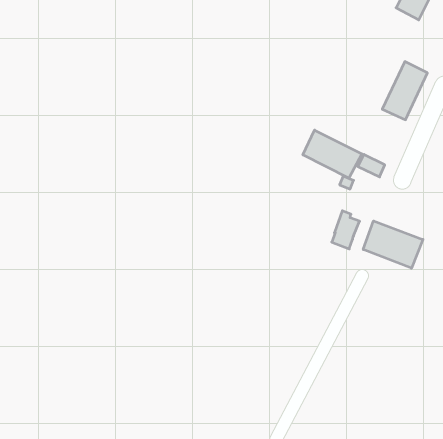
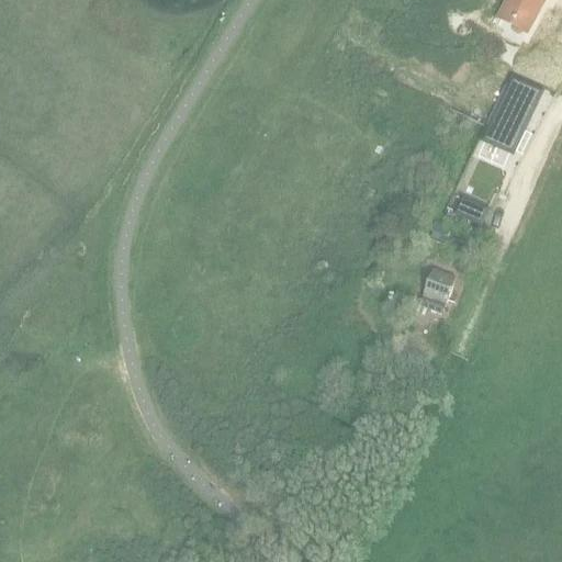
building: [303,130,362,178] -> none
building: [363,221,423,268] -> none

